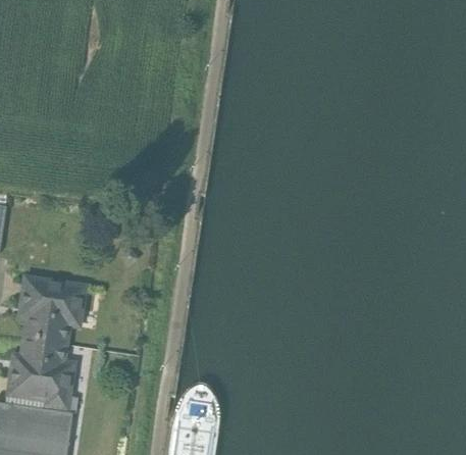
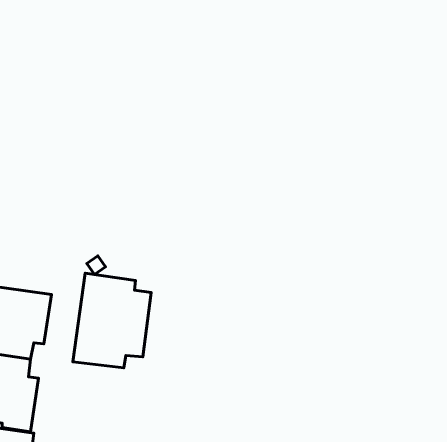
building: none -> [73,273,151,368]

